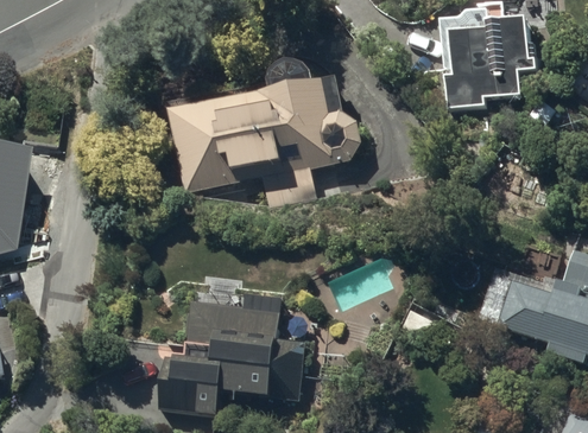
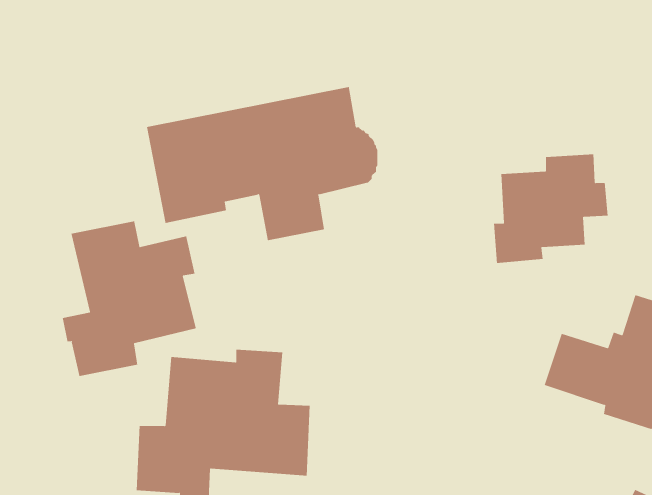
building: [443,17,538,107] -> [493,154,608,263]
building: none -> [62,221,197,377]

